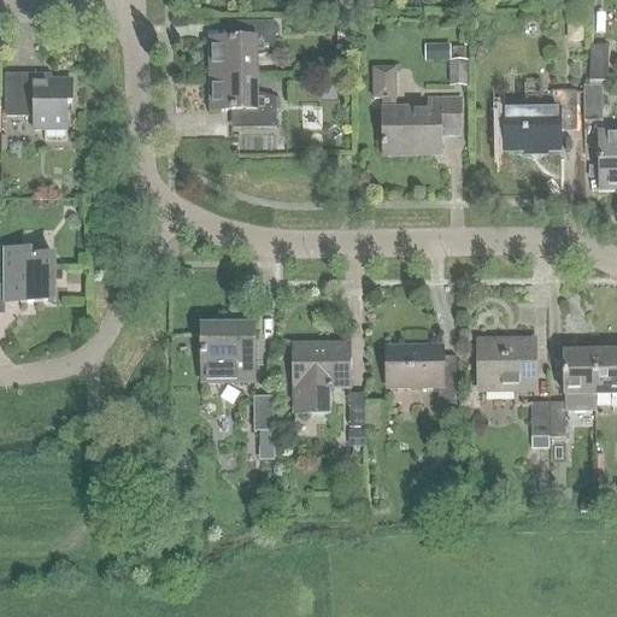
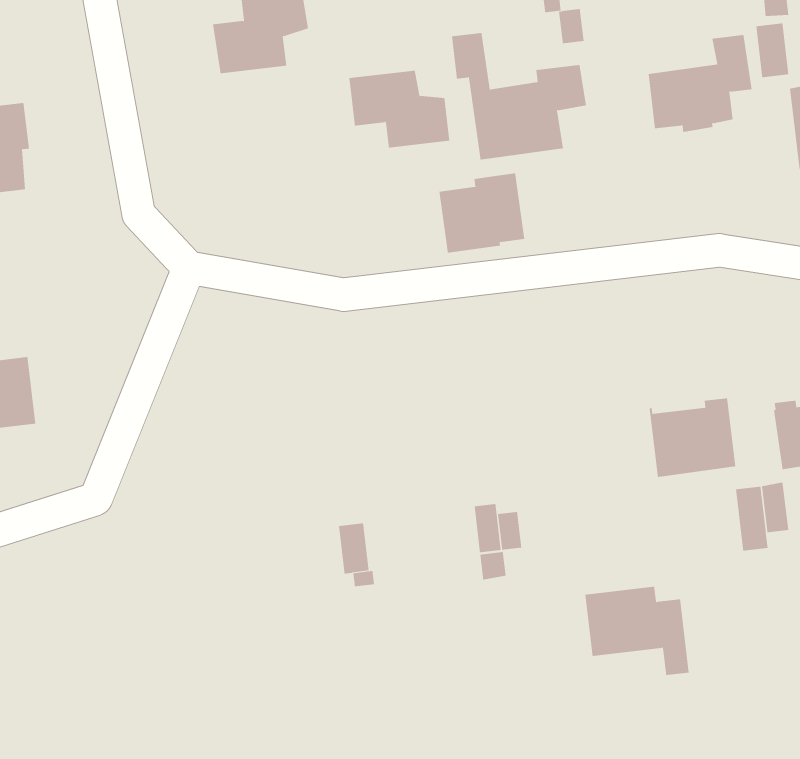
building: [208,72,274,124] -> [348,70,450,148]
building: none -> [439,173,525,253]
building: [199,324,252,380] -> none
building: [292,342,348,411] -> none
building: [388,343,454,406] -> [584,586,690,676]

